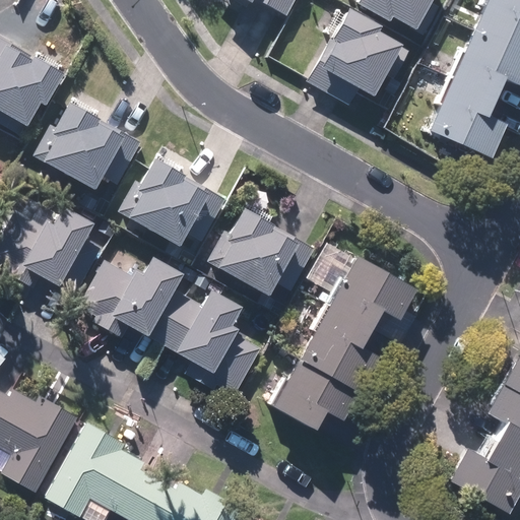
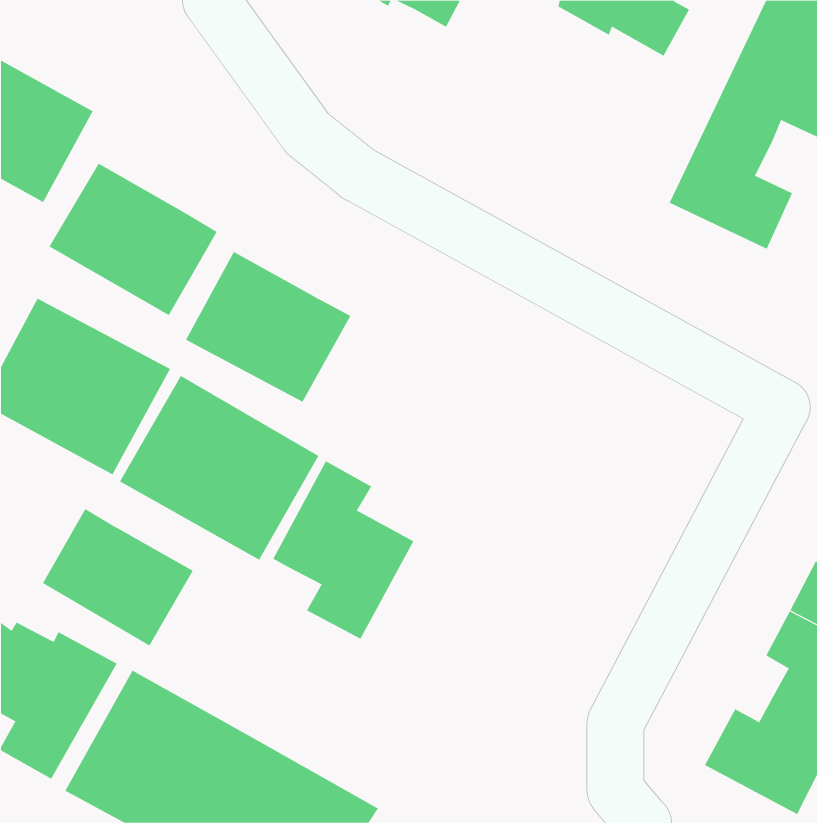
building: [317,8,410,94] -> none
building: [210,208,316,307] -> none
building: [270,244,413,440] -> none
building: none -> [42,508,194,647]

